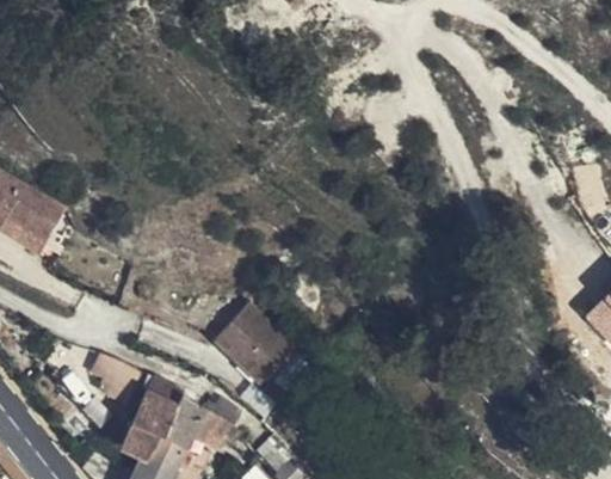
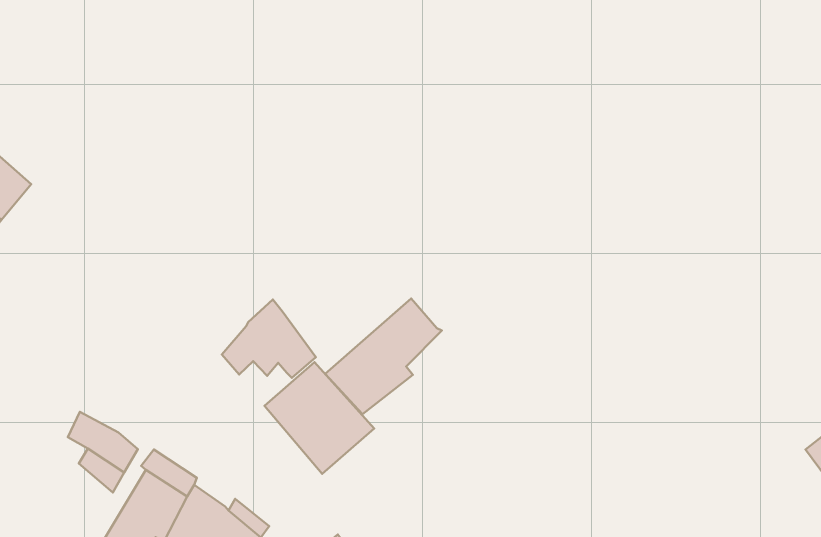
building: none -> [325,299,442,414]
building: none -> [222,299,316,378]

